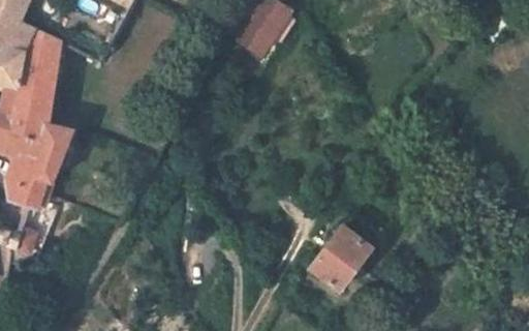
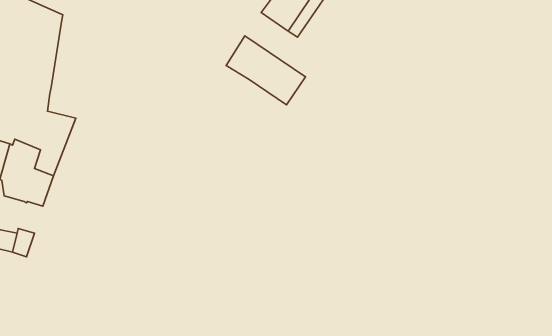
building: none -> [226,36,306,105]
building: [309,227,370,291] -> none

